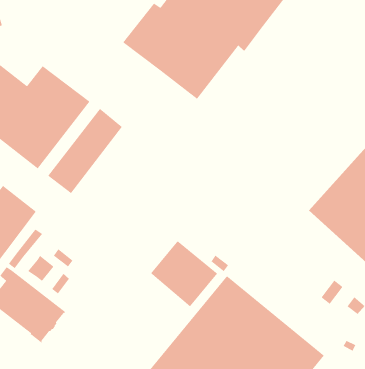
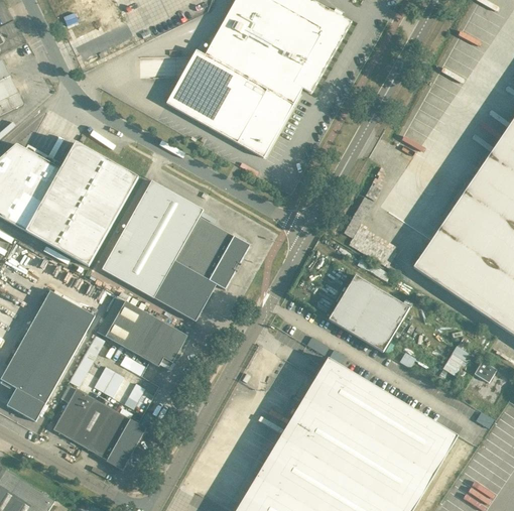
building: none -> [132,201,249,324]
building: none -> [97,294,188,366]
building: [149,240,218,307] -> [329,275,409,352]

